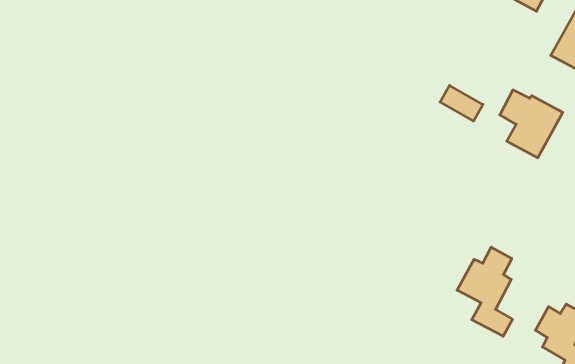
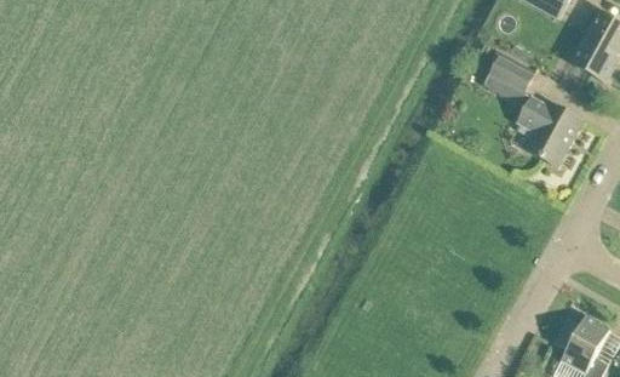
building: [440,85,483,121] -> [489,56,533,92]
building: [457,247,512,336] -> none

